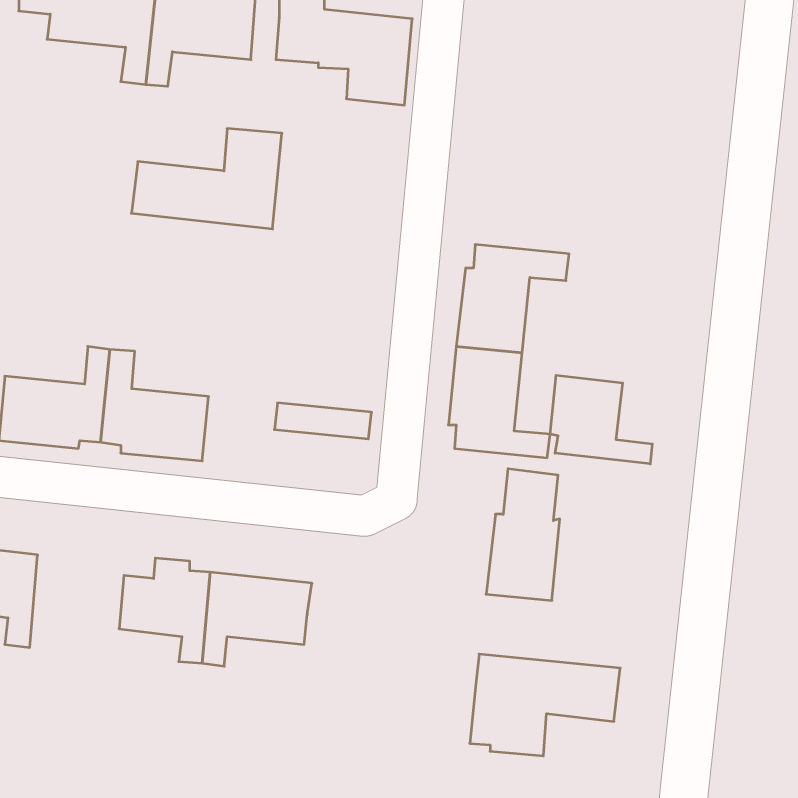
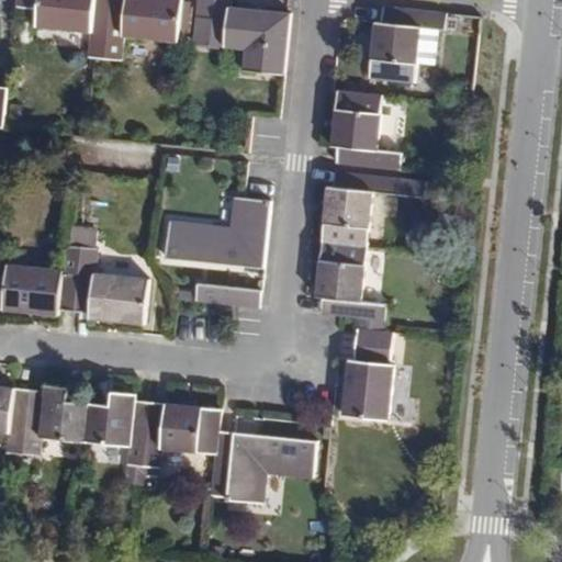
building: none -> [368,5,445,82]
building: none -> [329,90,401,169]
building: [131,129,282,229] -> [164,198,269,268]
building: [550,375,652,464] -> none
building: none -> [21,384,87,454]
building: [470,654,620,756] -> [209,430,314,502]

